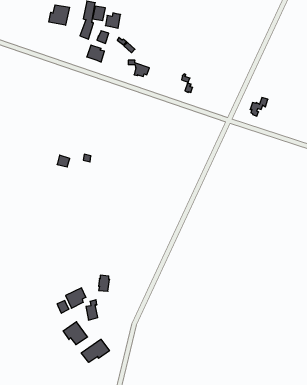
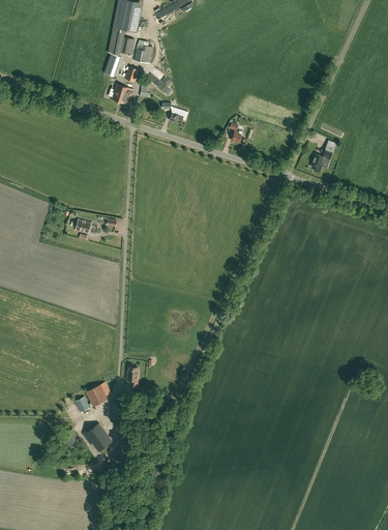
building: [49,5,69,25] -> none
building: [81,339,109,362] -> none

